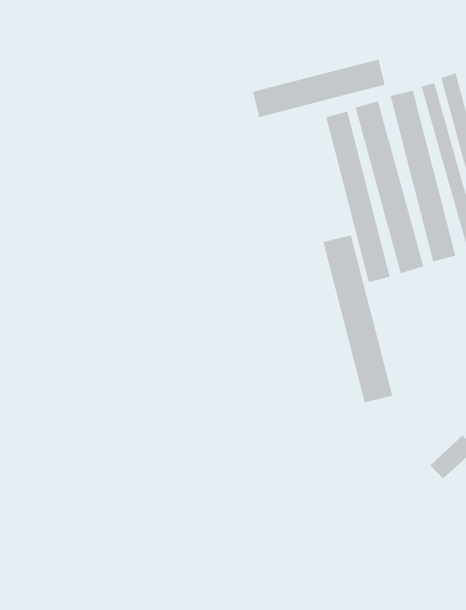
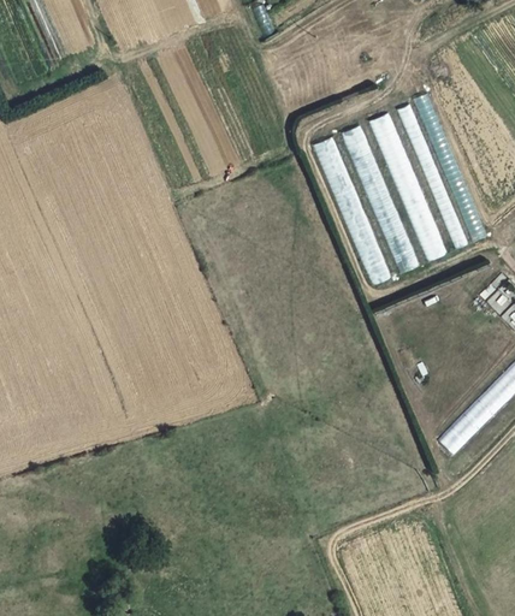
building: [253,59,385,118] -> none
building: [323,234,393,403] -> none

